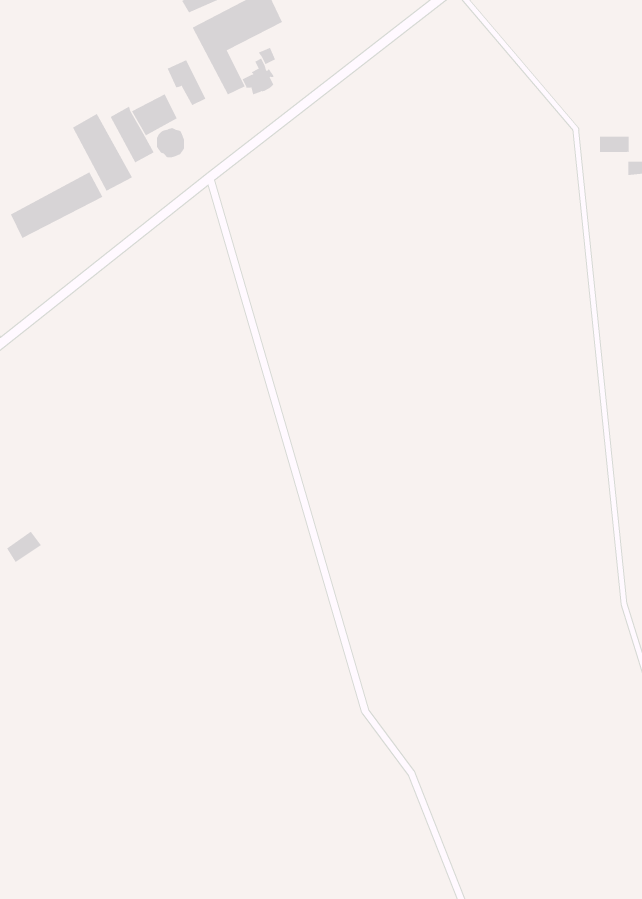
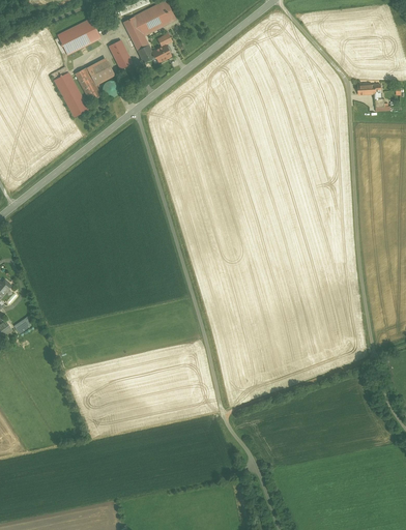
building: none -> [56,17,100,55]
building: [10,171,103,239] -> none

